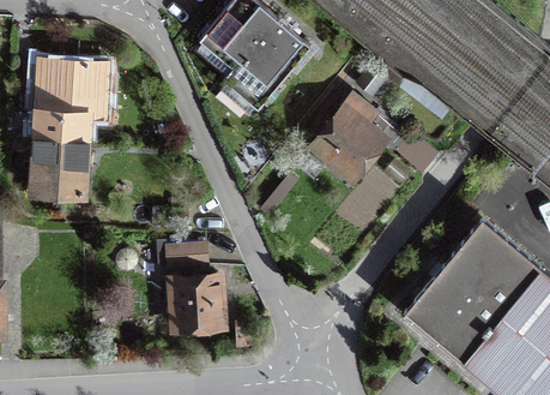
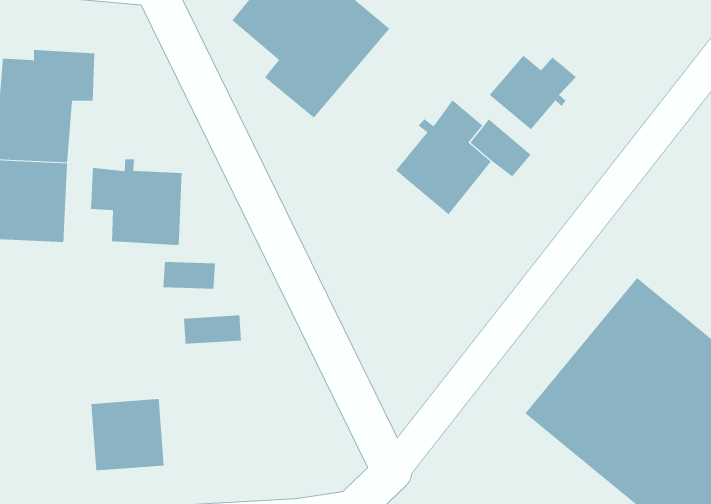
building: none -> [489,55,577,130]
building: none -> [91,158,182,246]
building: [171,279,223,329] -> [90,398,165,471]

